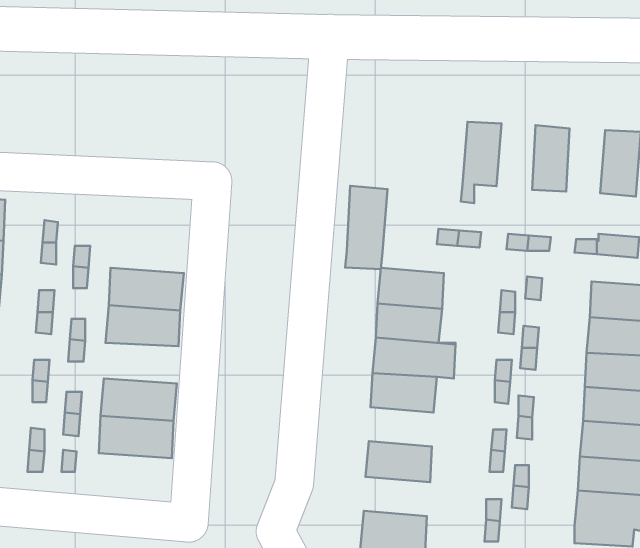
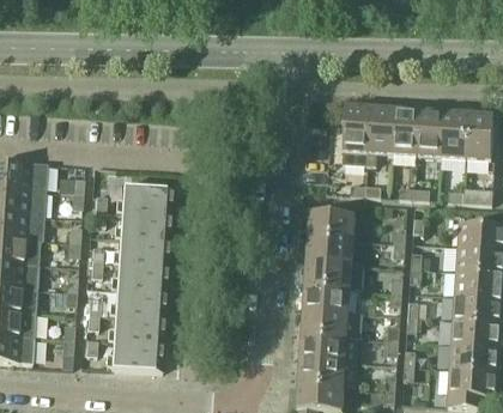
building: none -> [392,109,419,156]
building: none -> [441,113,468,158]
building: [345,186,388,269] -> [341,105,371,164]
building: none -> [120,184,172,214]
building: none -> [115,263,168,292]
building: none -> [302,309,347,336]
building: none -> [110,341,163,370]
building: none -> [298,358,345,385]

